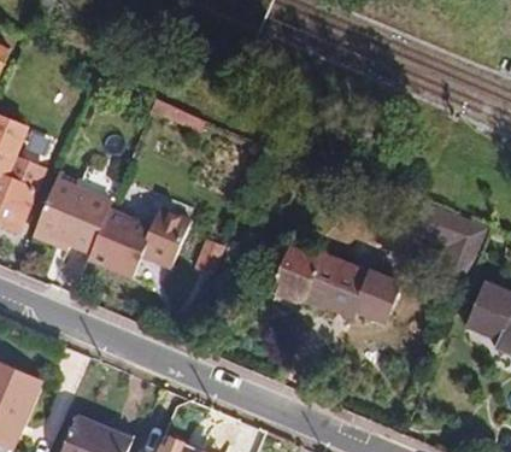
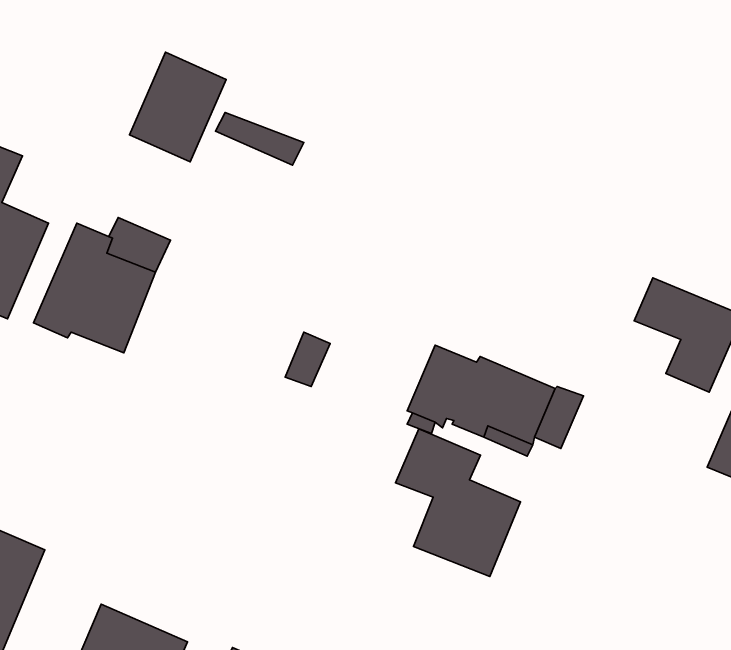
building: none -> [129,52,226,162]
building: [89,209,189,277] -> none
building: none -> [395,429,521,576]

